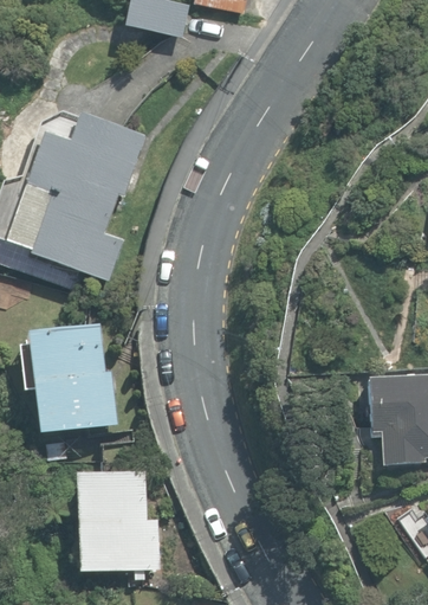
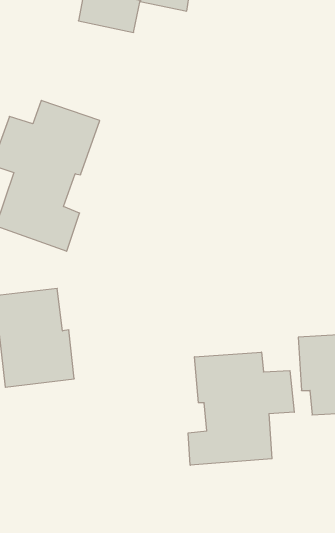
building: none -> [188,352,294,465]
building: [76,469,160,579] -> none

